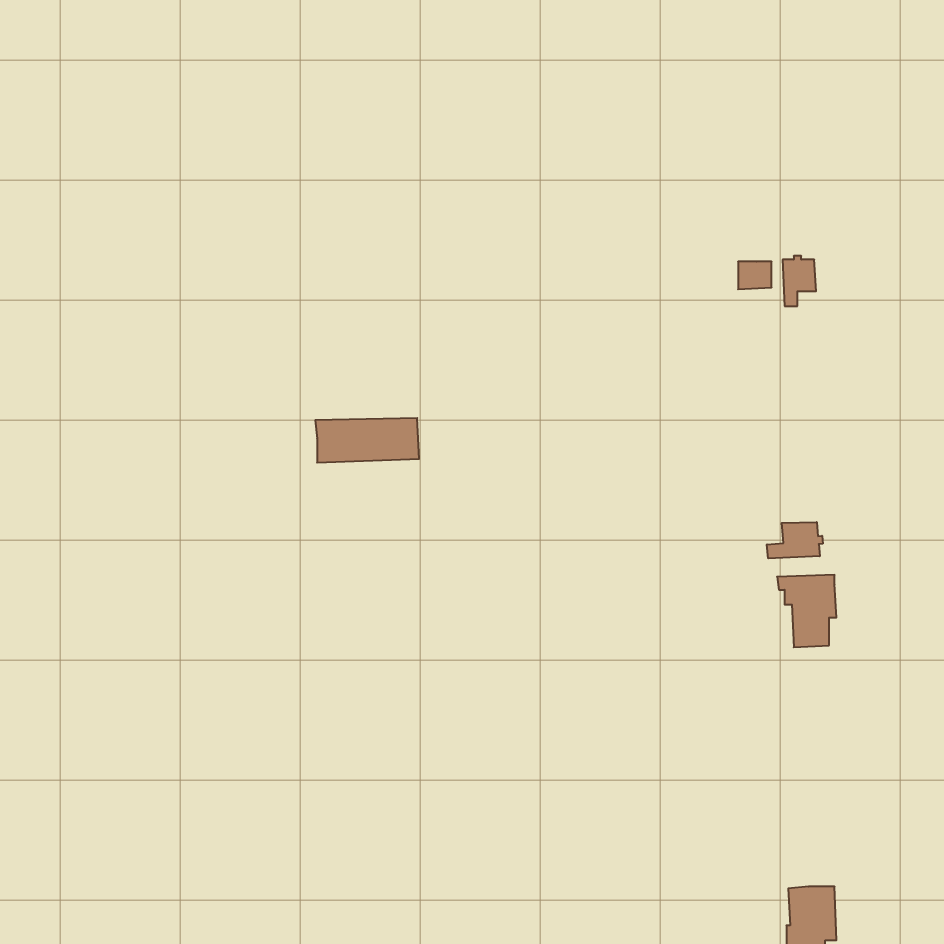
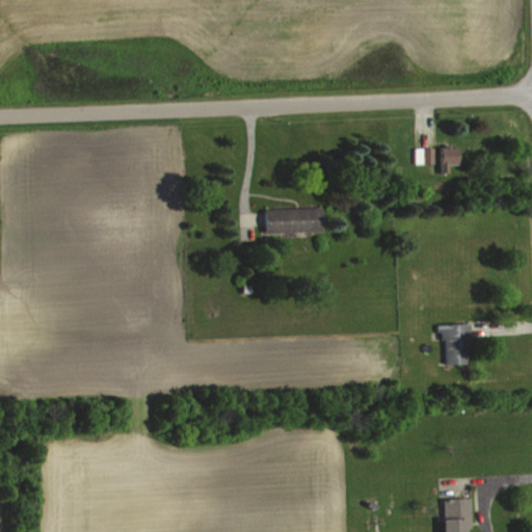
building: [315,418,419,463] -> [265,209,323,234]
building: [767,522,823,558] -> none

